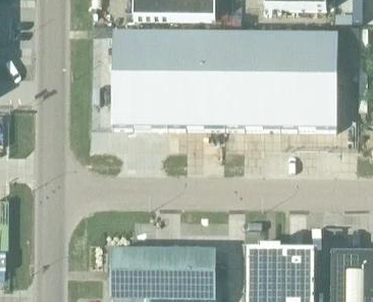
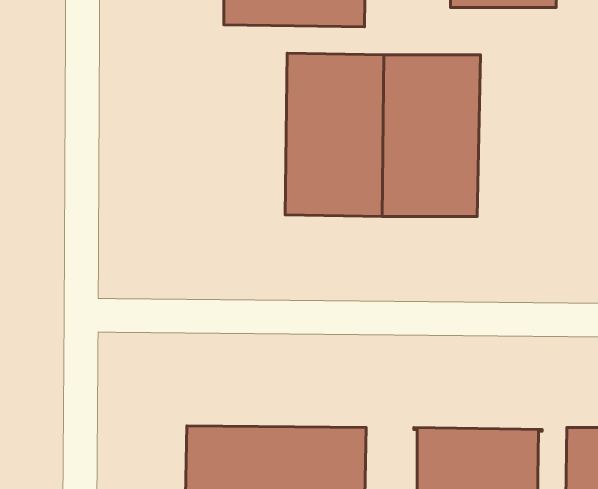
building: [111,31,169,125] -> none
building: [279,33,337,128] -> none

